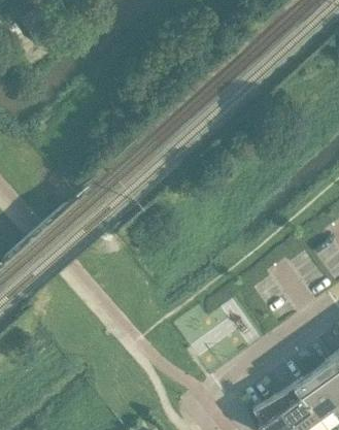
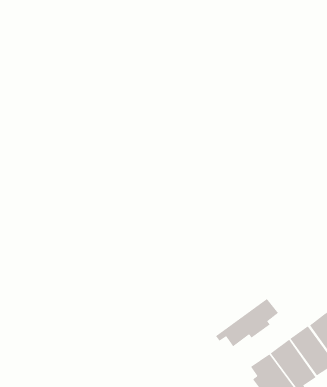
building: none -> [215,298,279,347]

